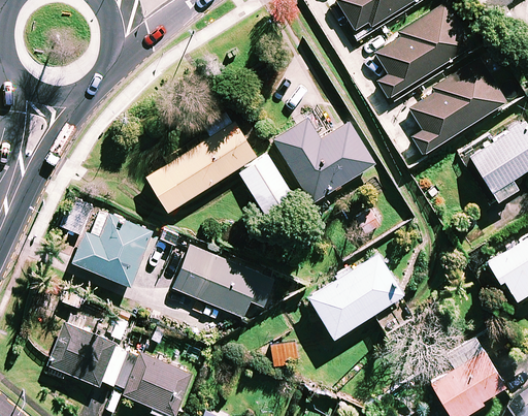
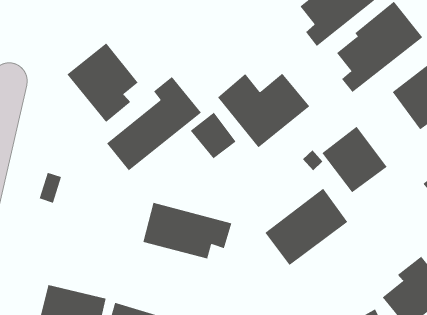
building: none -> [67,42,139,123]
building: none -> [321,126,387,193]
building: [73,214,153,286] -> none

